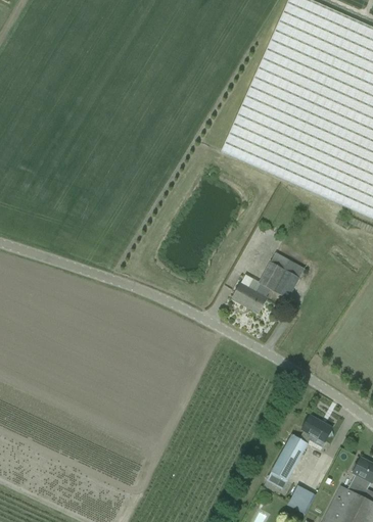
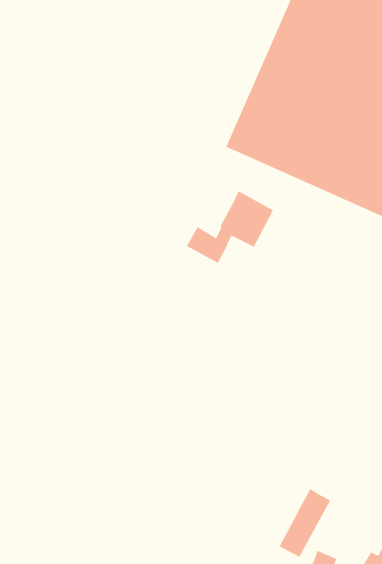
building: [232,252,305,313] -> [186,191,274,264]
building: [299,415,333,446] -> none

